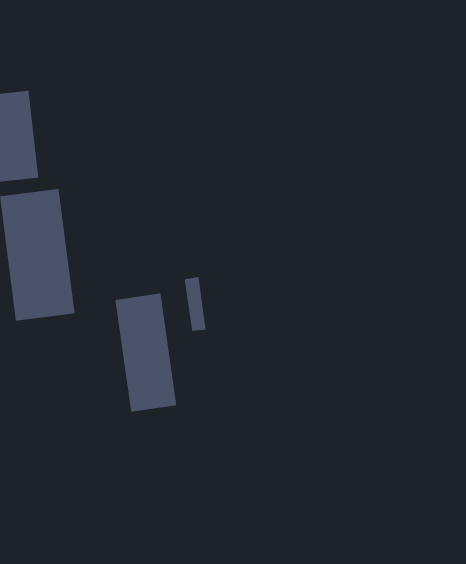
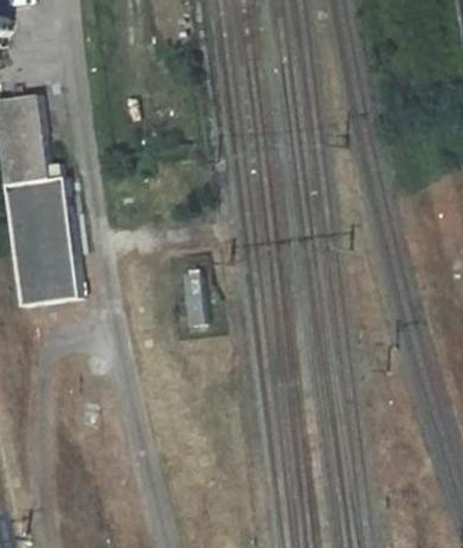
building: [115,292,177,413] -> none

